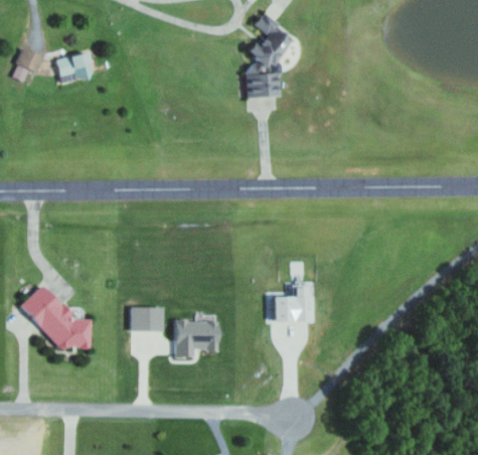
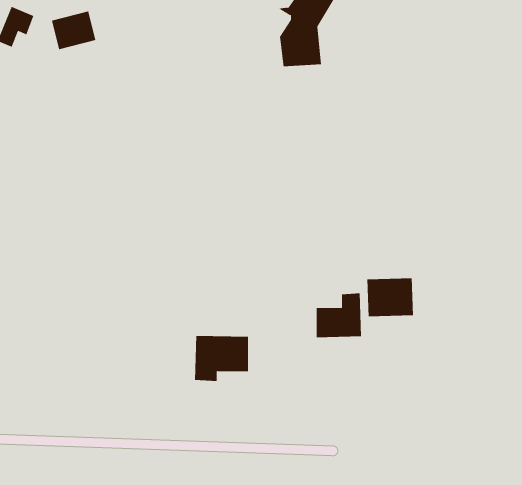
building: none -> [367,277,414,317]
building: [20,284,91,348] -> none
building: [130,306,163,331] -> none

